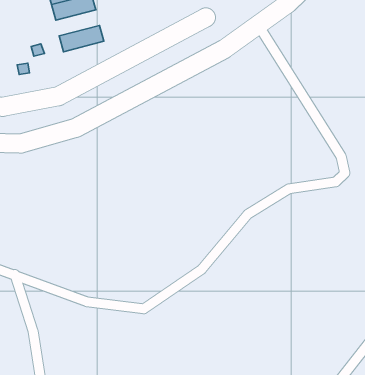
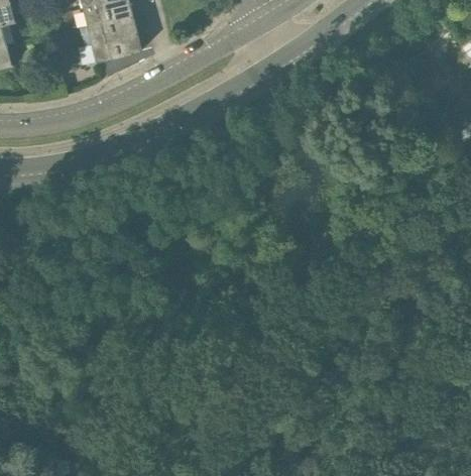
building: none -> [87,14,137,44]

